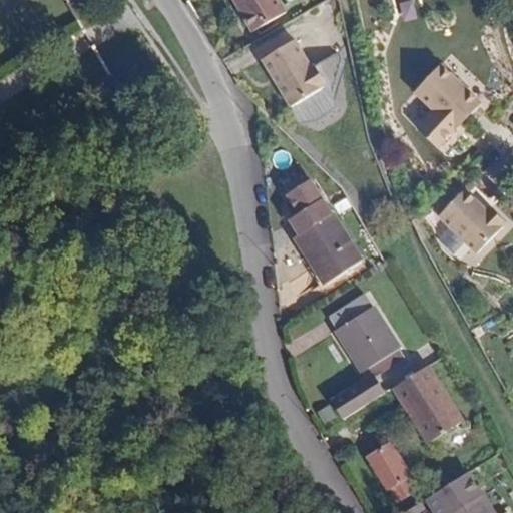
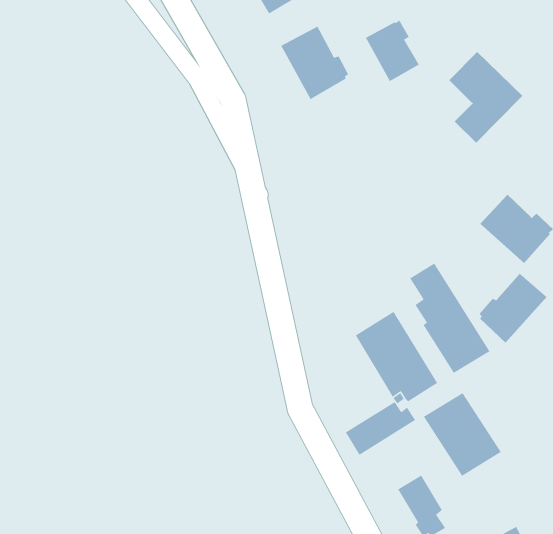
building: none -> [365,19,420,82]
building: [284,181,357,282] -> [409,262,490,374]
building: none -> [478,273,548,343]

